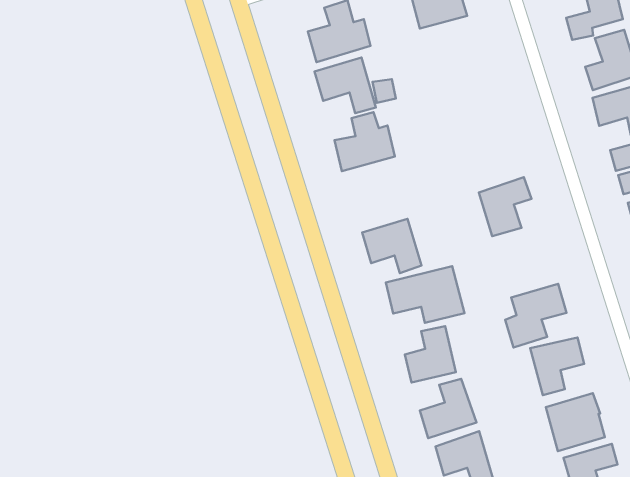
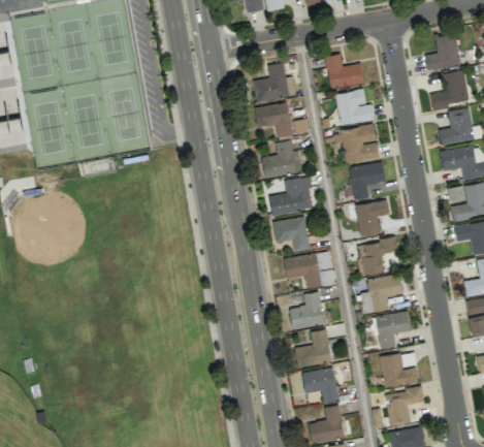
building: none -> [335,90,375,126]
building: none -> [333,126,380,163]
building: none -> [349,163,385,200]
building: none -> [269,177,313,217]
building: none -> [357,240,397,277]

